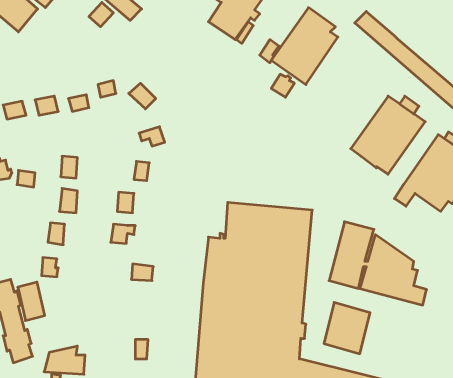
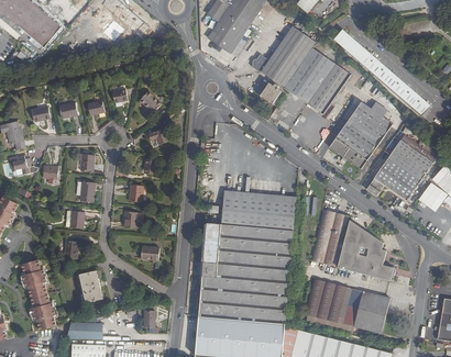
building: none -> [290,51,351,113]
building: [18,282,45,321] -> [79,269,102,302]
building: none -> [343,288,389,333]

